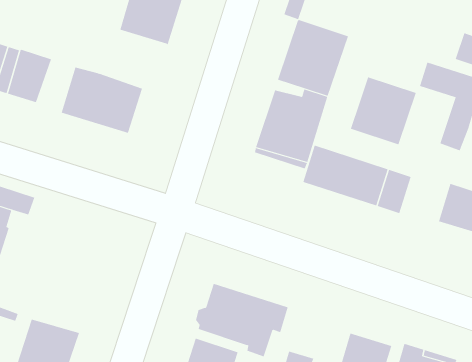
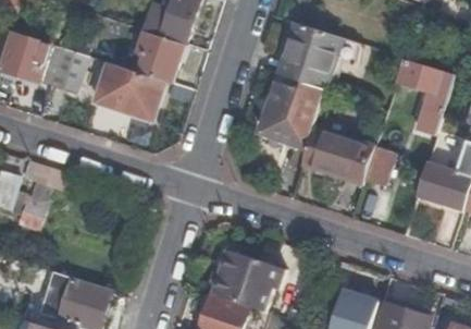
building: none -> [127,31,184,84]
building: [350,77,416,145] -> none

